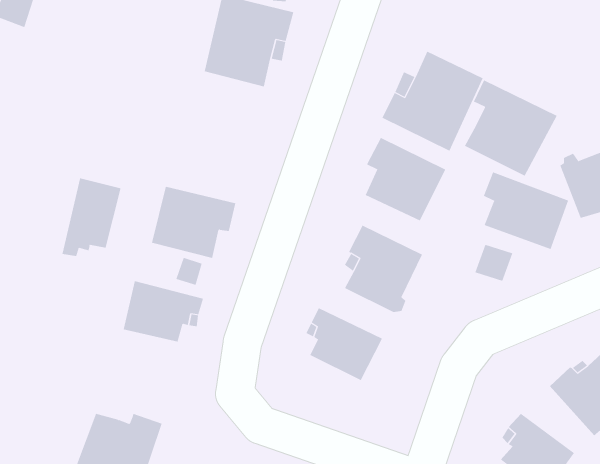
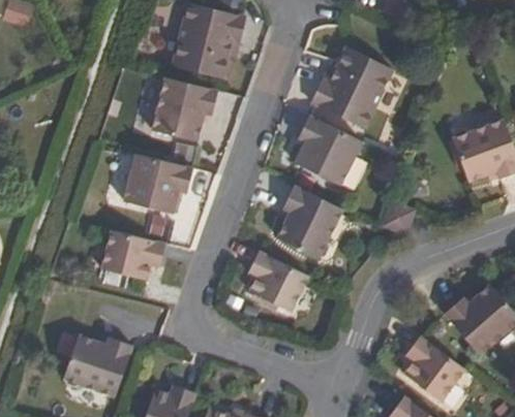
building: [464,79,557,177] -> none
building: none -> [149,77,216,140]
building: [483,172,569,250] -> none
building: [62,177,121,257] -> none

